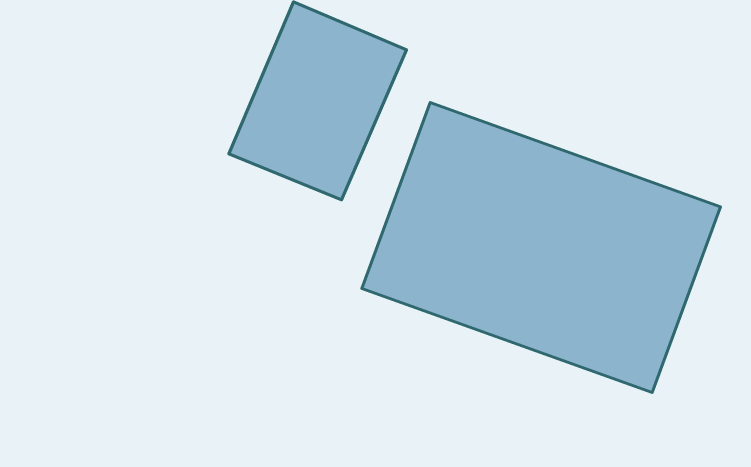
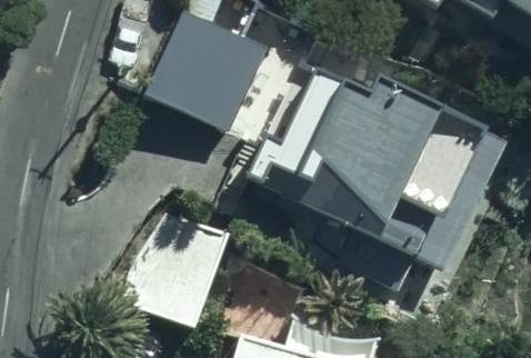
building: none -> [113,193,224,322]

